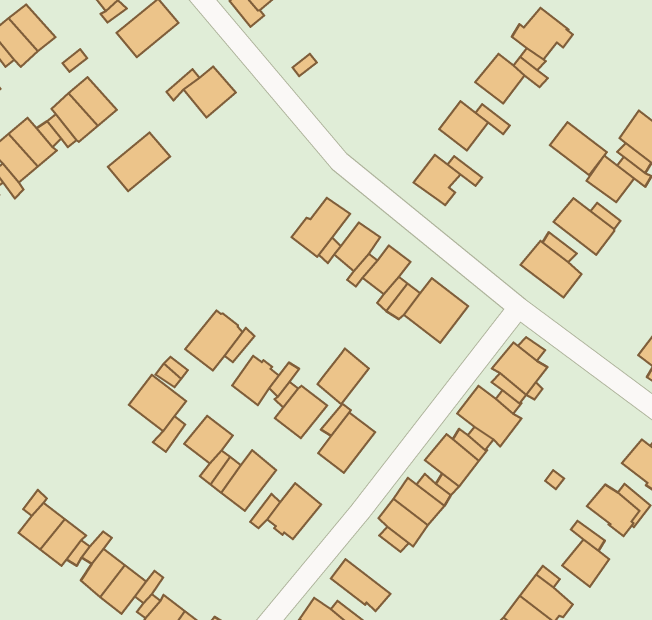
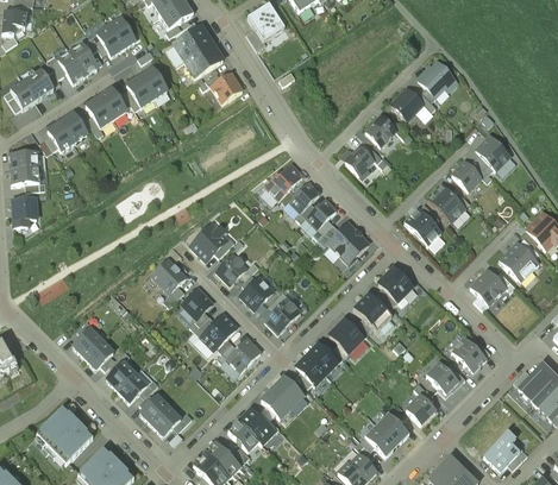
building: [550,122,607,175] -> none
building: [108,132,170,191] -> [184,42,224,76]
building: [317,348,369,404] -> none
building: none -> [272,374,308,411]

